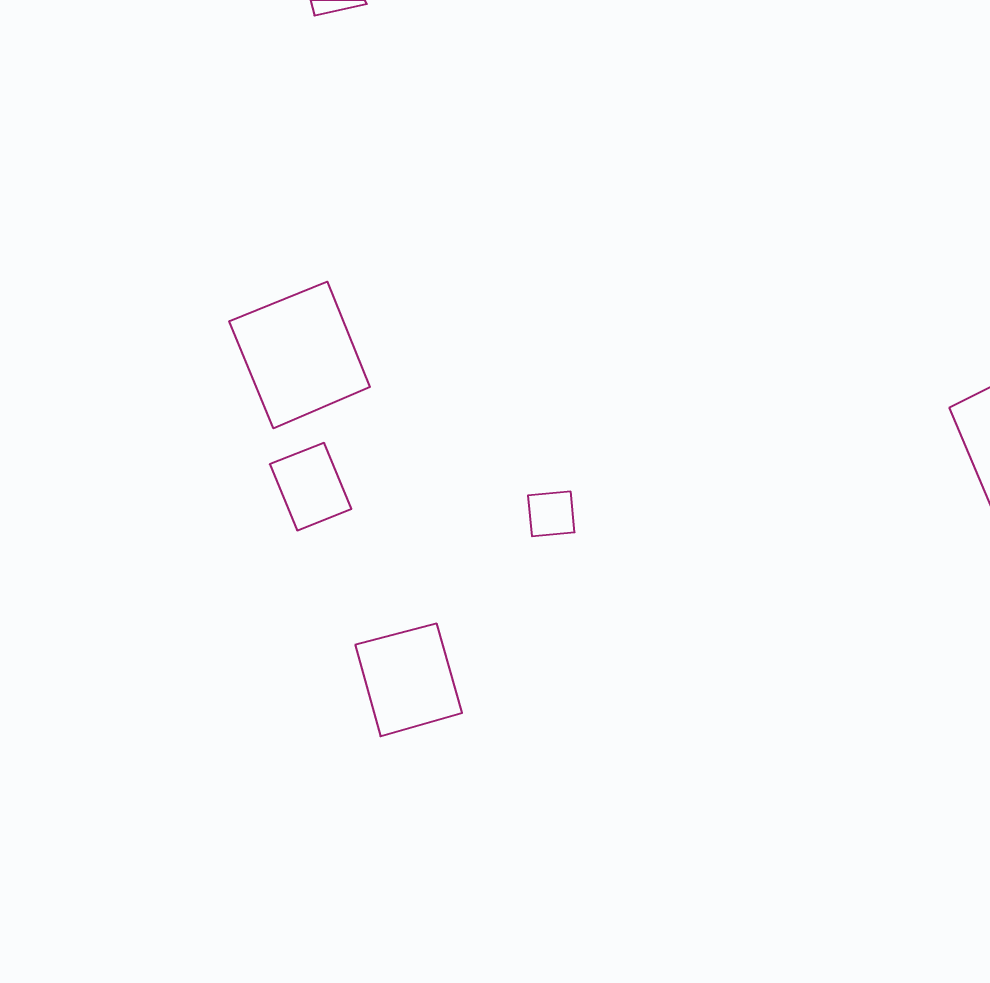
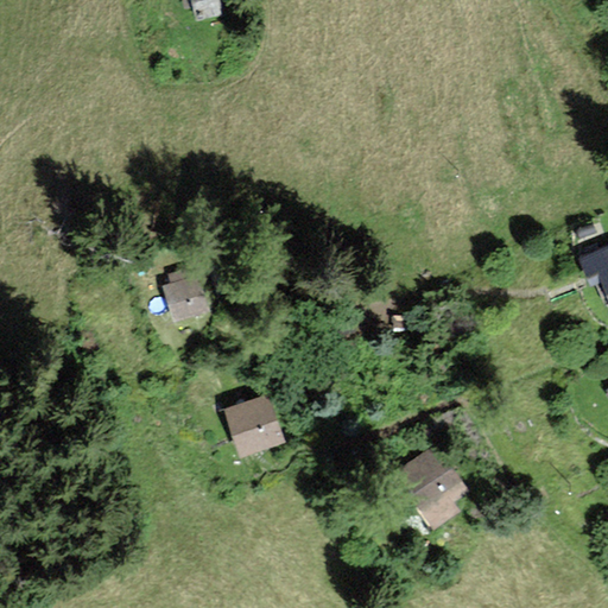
building: [229,282,370,428] -> none
building: none -> [395,448,469,528]

